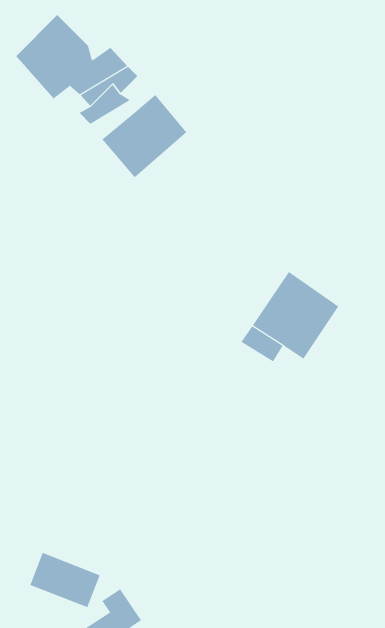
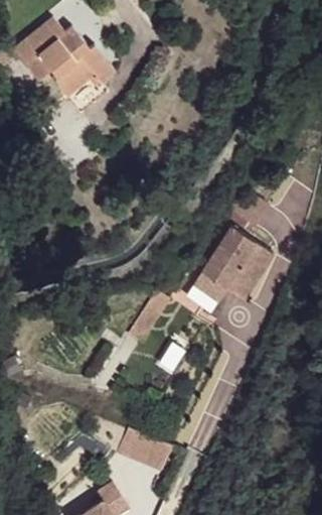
building: [101,94,187,178] -> none
building: [30,552,100,608] -> [118,428,174,473]

